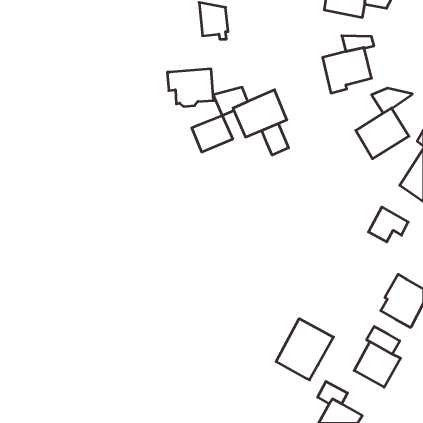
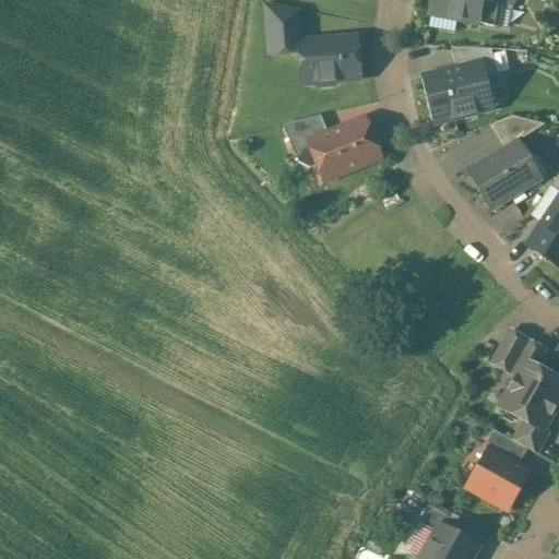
building: [167,69,214,106] -> [298,37,359,86]
building: [192,115,233,152] -> none
building: [262,123,289,155] -> none
building: [368,207,408,242] -> [492,330,545,376]
building: [276,319,334,380] -> none
building: none -> [512,420,548,453]

